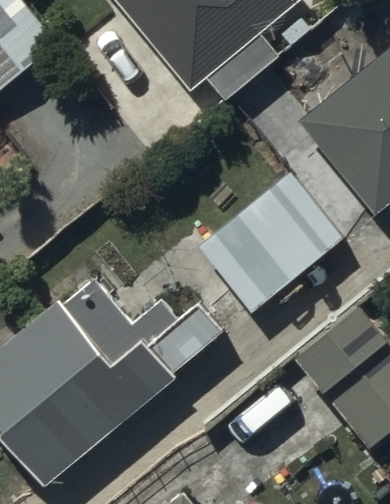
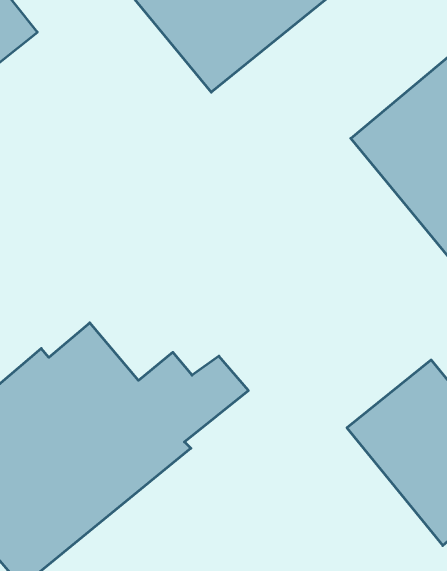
building: [200,170,341,307] -> none

